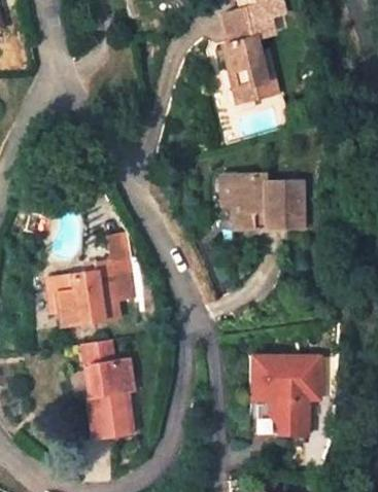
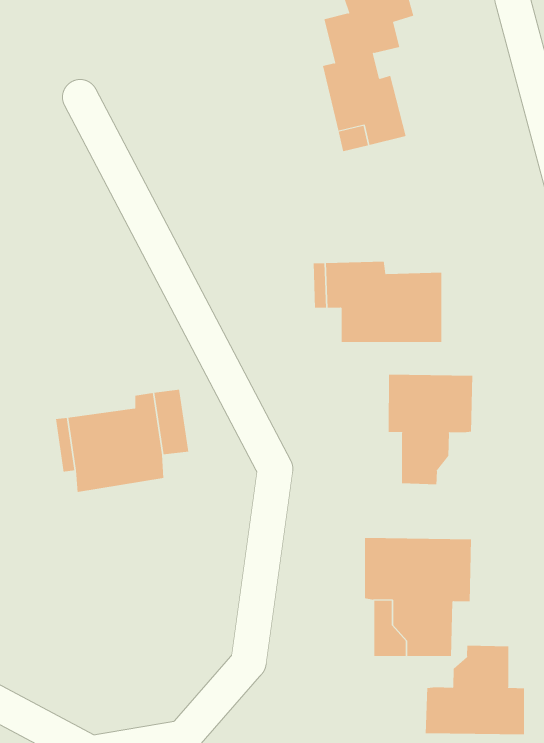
building: none -> [388,374,473,485]
building: [80,339,135,440] -> none
building: none -> [425,645,525,735]

